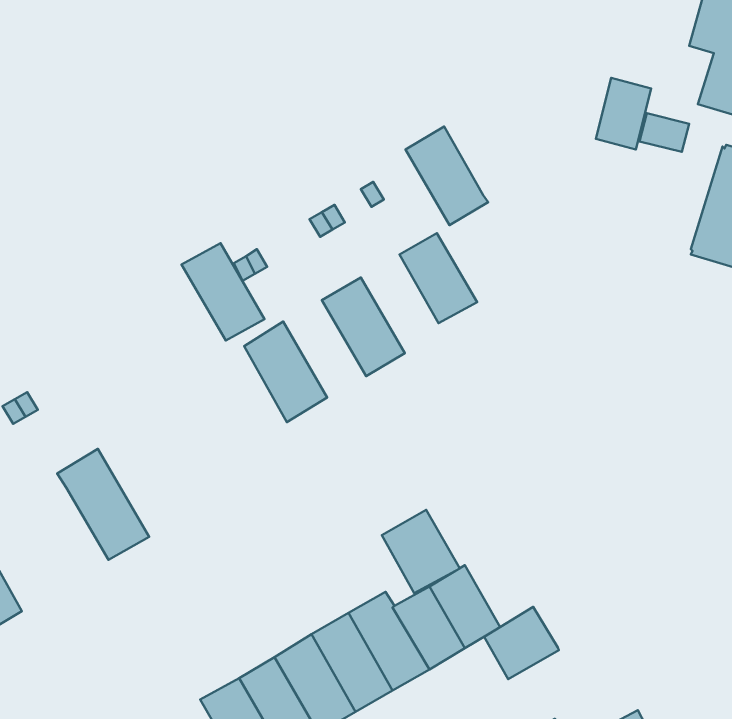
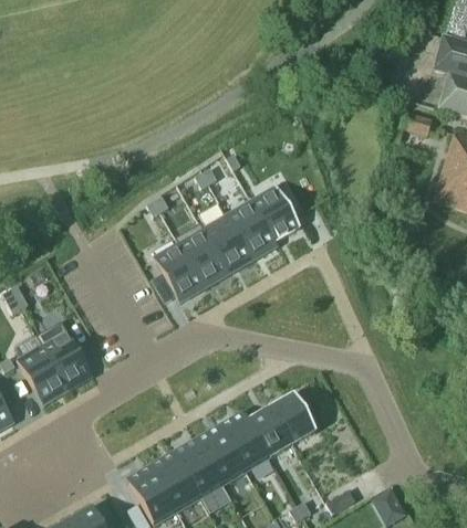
building: [596,78,651,150] -> none
building: [405,126,488,225] -> [227,199,279,261]
building: [182,243,265,340] -> [178,228,230,288]
building: none -> [18,345,69,404]
building: [382,510,460,593] -> none
building: [484,607,559,679] -> none

